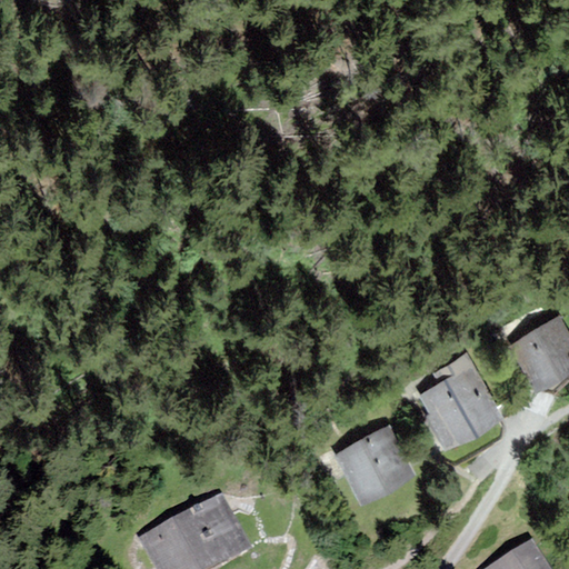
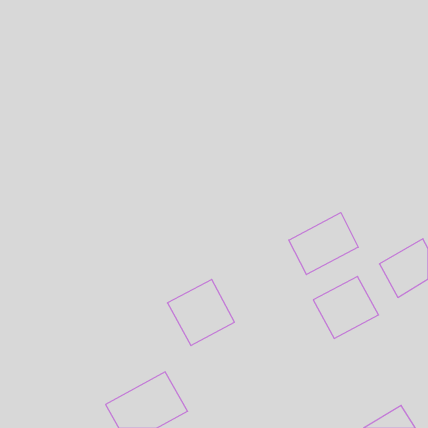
building: none -> [289,213,358,275]
building: [329,423,418,511] -> [167,279,234,346]

